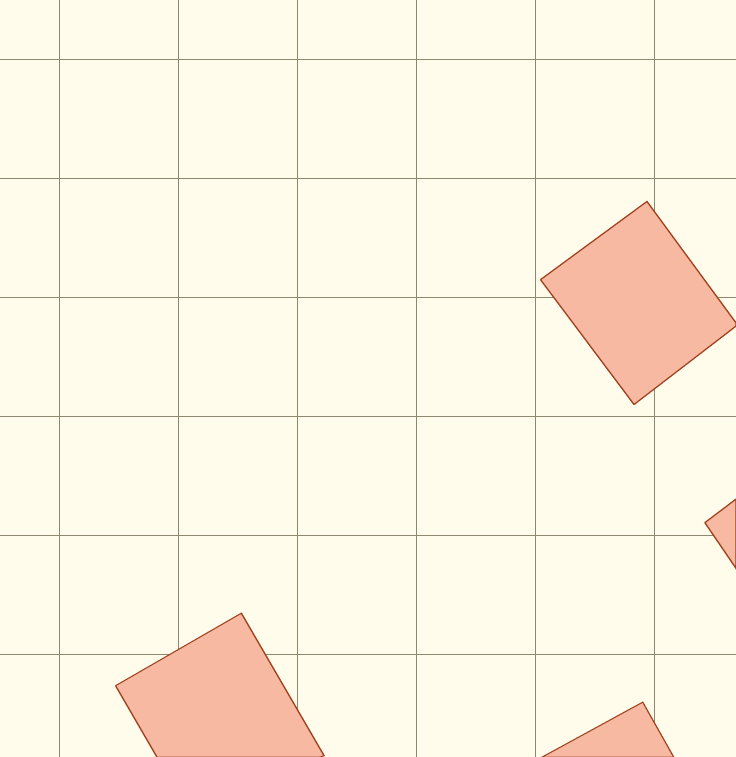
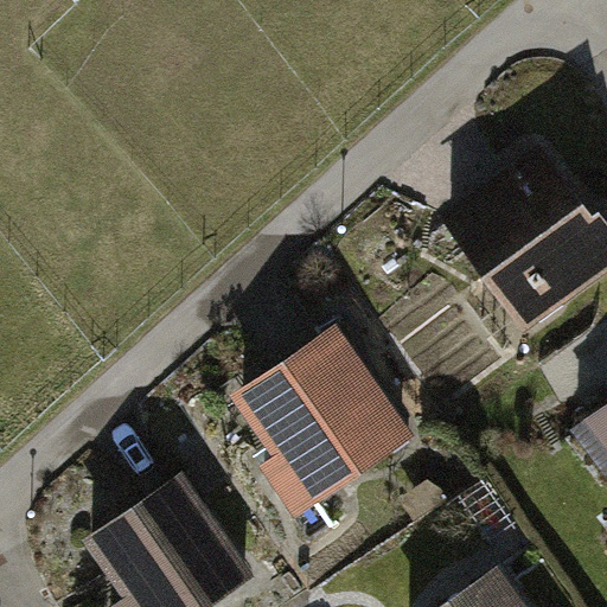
building: none -> [245,331,413,503]

